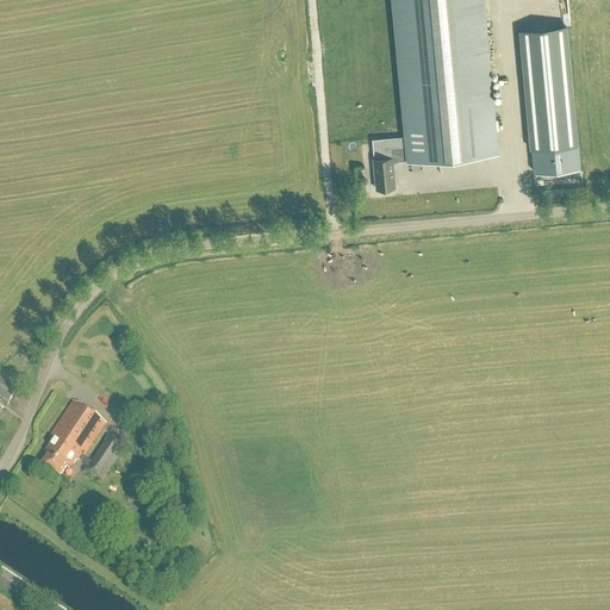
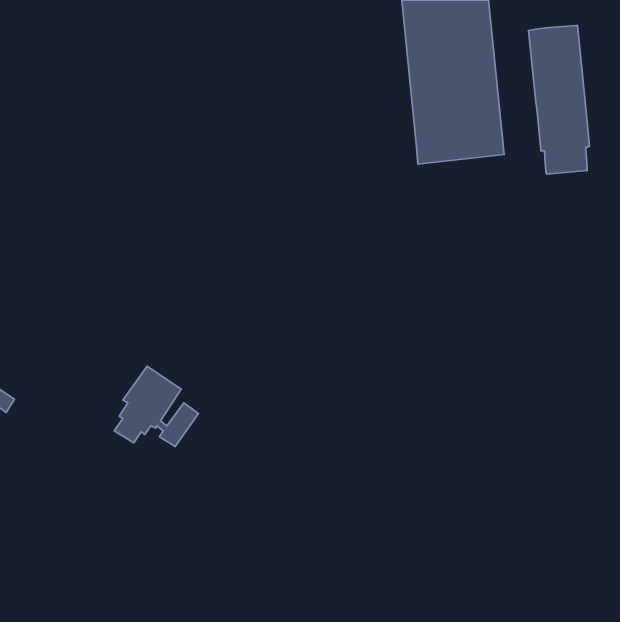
building: [369,144,409,188] -> none
building: [38,404,120,483] -> [114,366,198,447]

